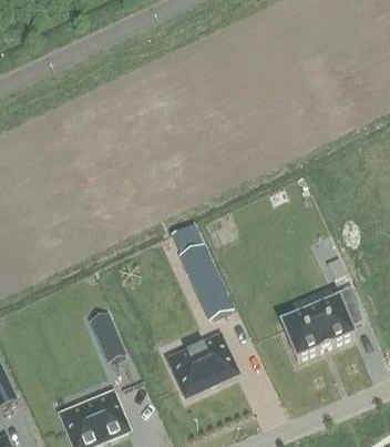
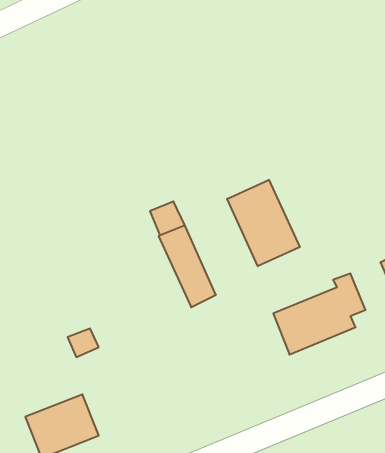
building: none -> [227,180,300,266]
building: [170,339,237,399] -> none

